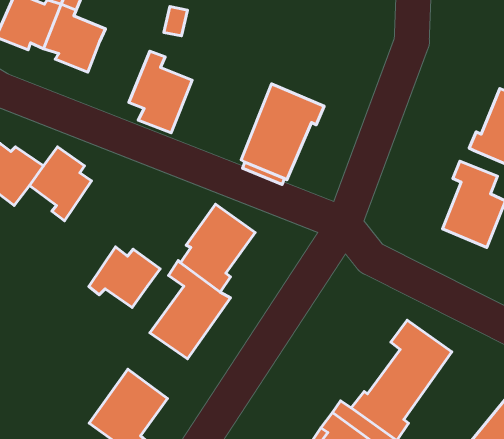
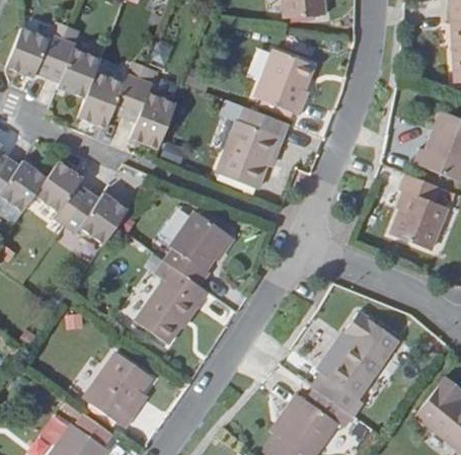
building: none -> [256,50,316,117]
building: none -> [76,70,139,128]
building: [89,247,160,308] -> [65,191,127,243]

